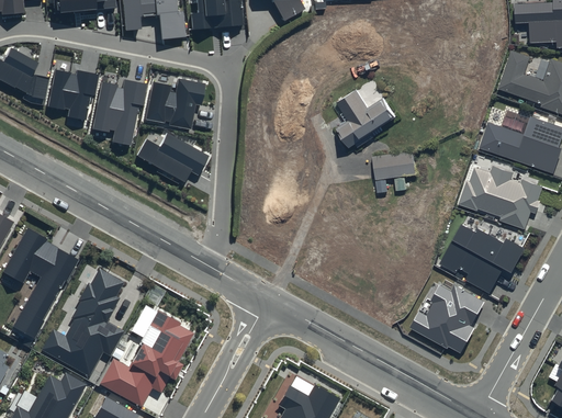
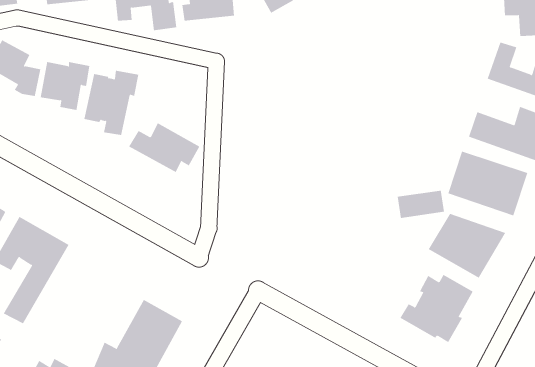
building: [146,78,206,129] -> none
building: [336,87,397,147] -> none
building: [371,150,419,179] -> [397,190,445,218]
building: [40,266,122,371] -> none

